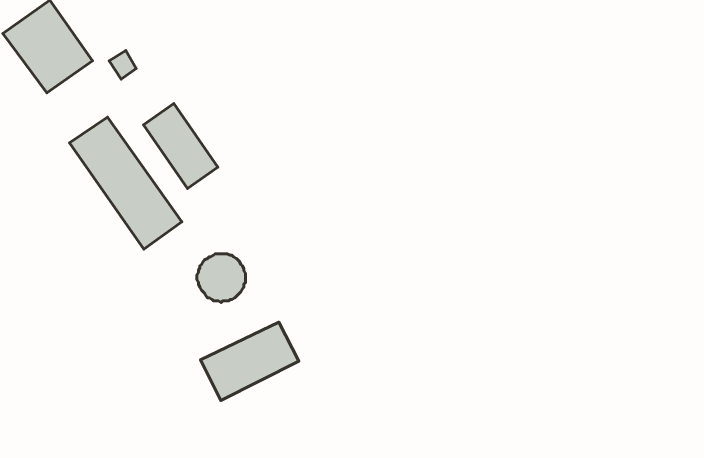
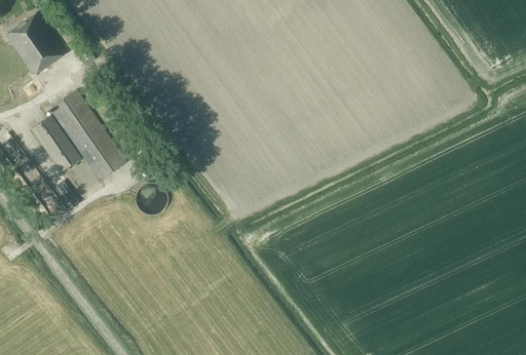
building: [144,103,218,189] -> [32,114,82,171]
building: [200,322,299,401] -> none

